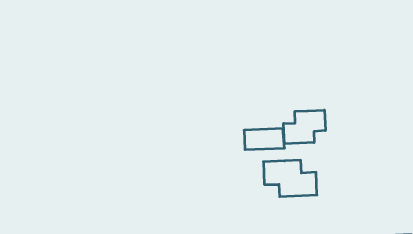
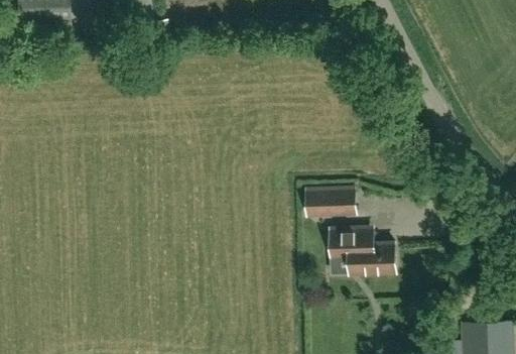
building: [284,110,325,144] -> none

